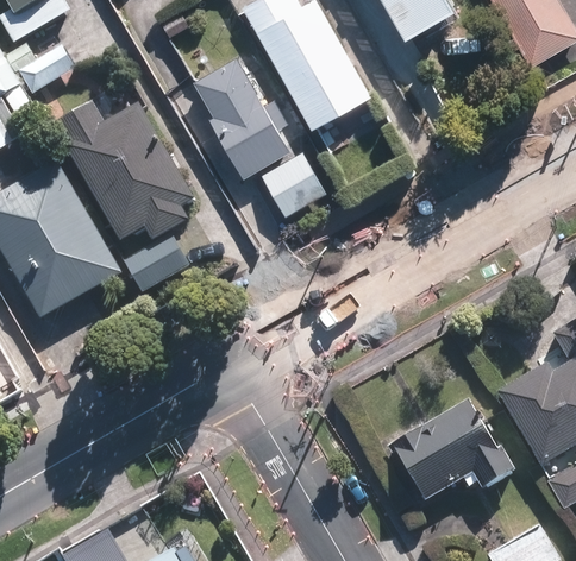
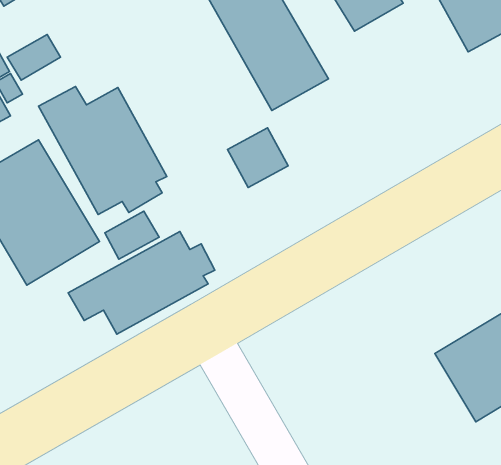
building: [195,56,290,175] -> none
building: none -> [68,232,215,334]
building: [383,408,495,510] -> none

